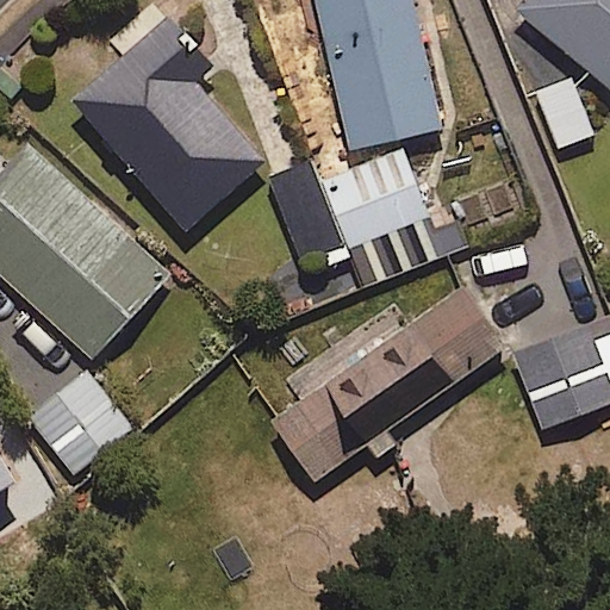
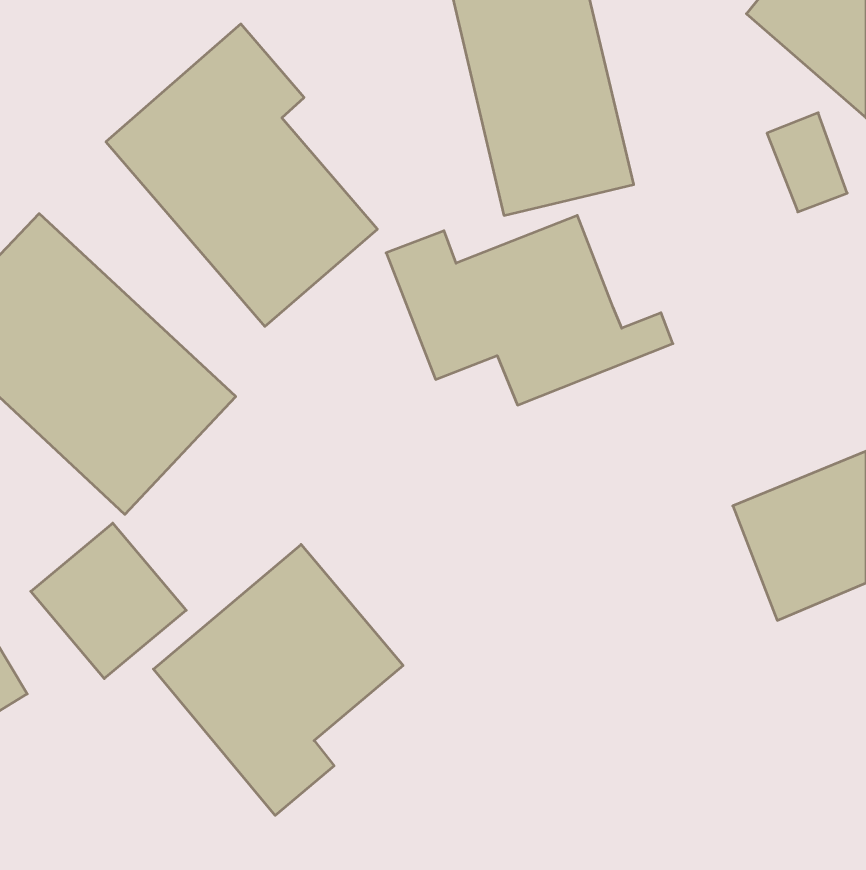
building: [274,285,509,480] -> none
building: none -> [153,544,403,815]

